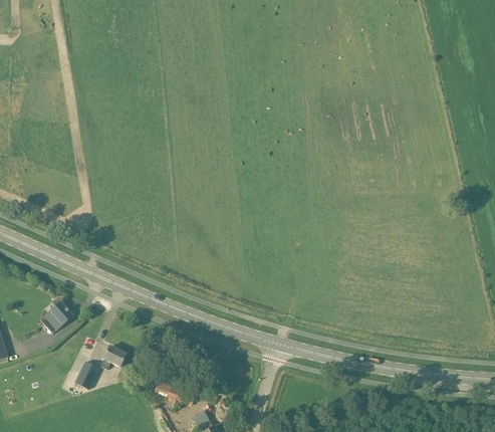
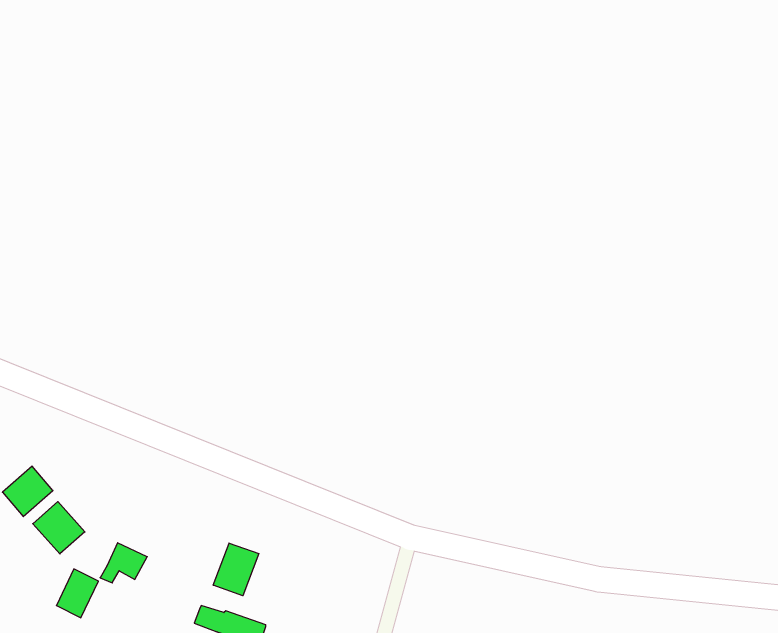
building: none -> [33,502,85,554]
building: none -> [213,543,259,596]

